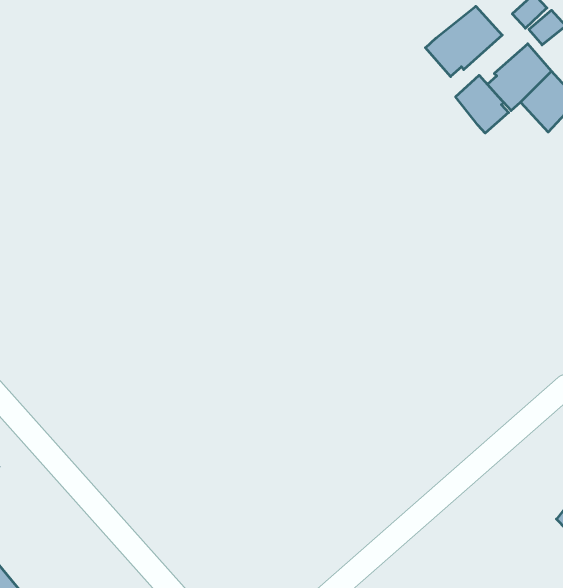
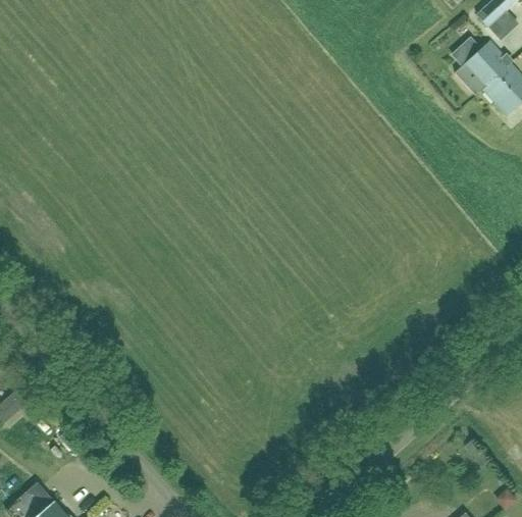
building: [425,6,502,77] -> none
building: [456,75,509,133] -> none

